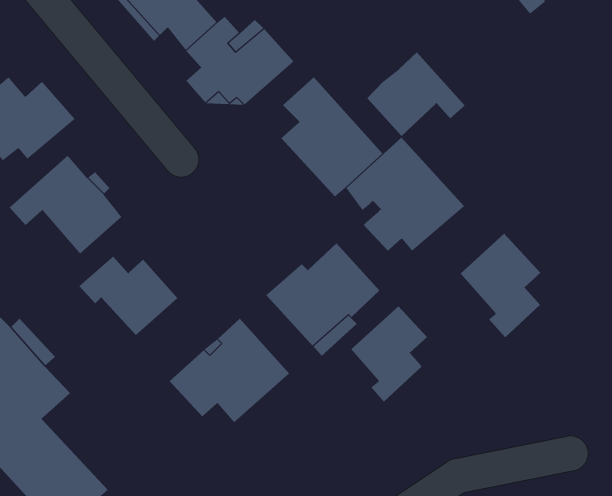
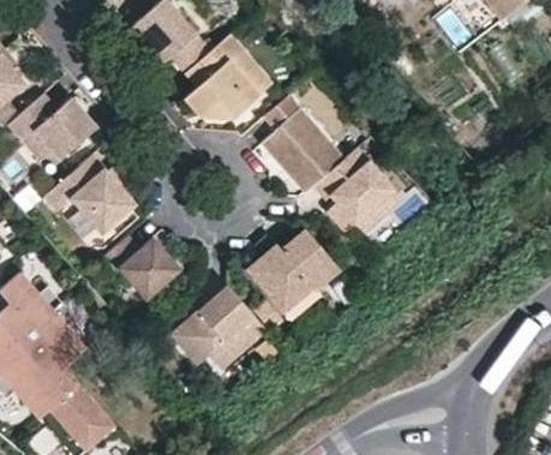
building: [366,52,466,137] -> none
building: [460,233,541,338] -> none
building: [350,306,428,402] -> none

